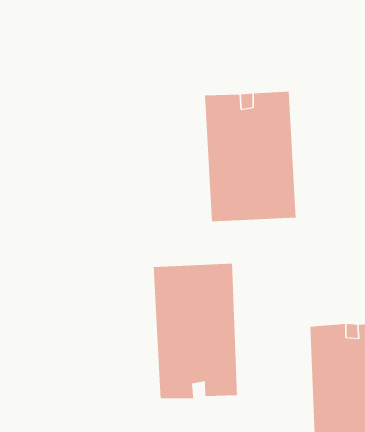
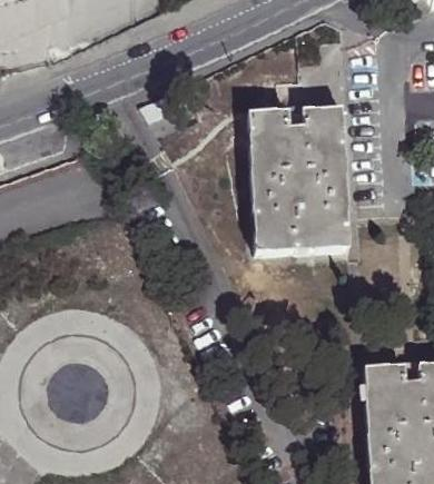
building: [153,263,238,399] -> none

